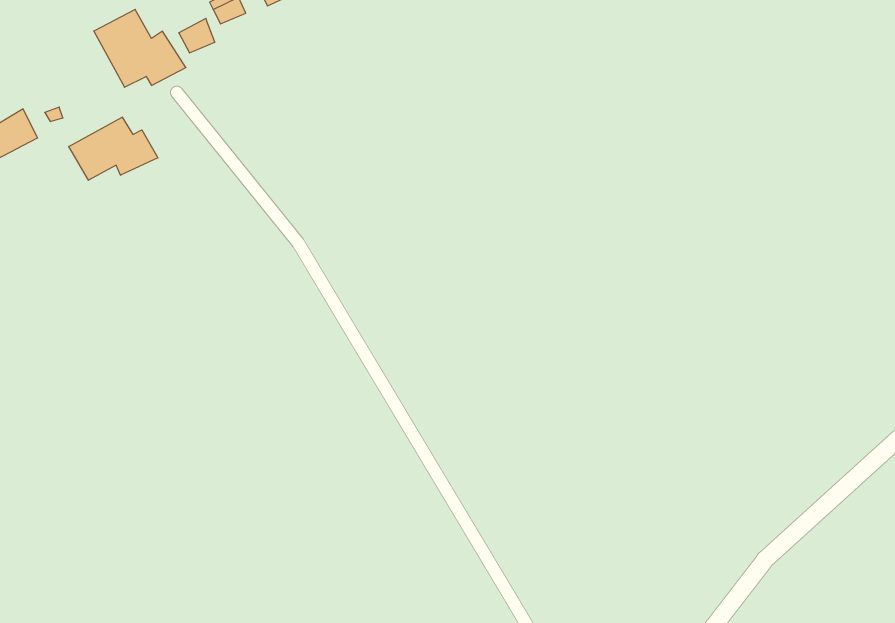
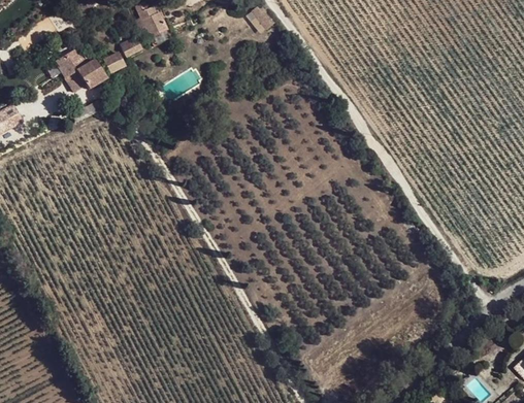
building: [69,117,158,180] -> none

